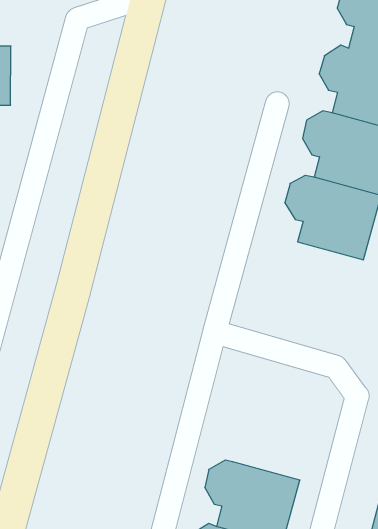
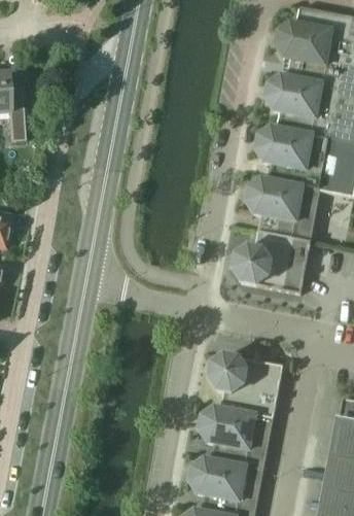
building: none -> [233,231,310,293]
building: none -> [208,354,282,417]

